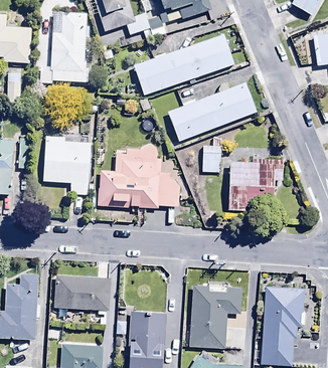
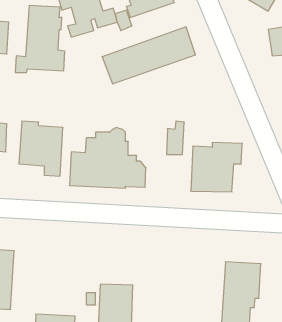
building: [167,82,257,142] -> none
building: [54,273,112,309] -> none
building: [190,286,242,348] -> none

